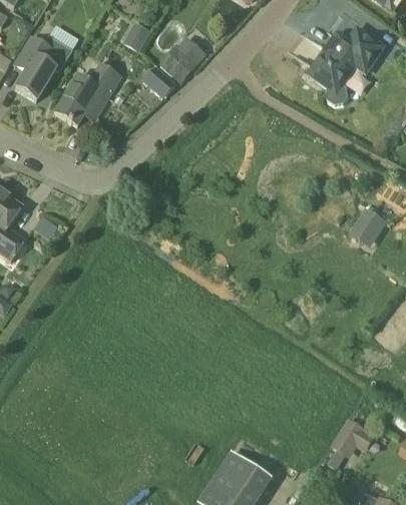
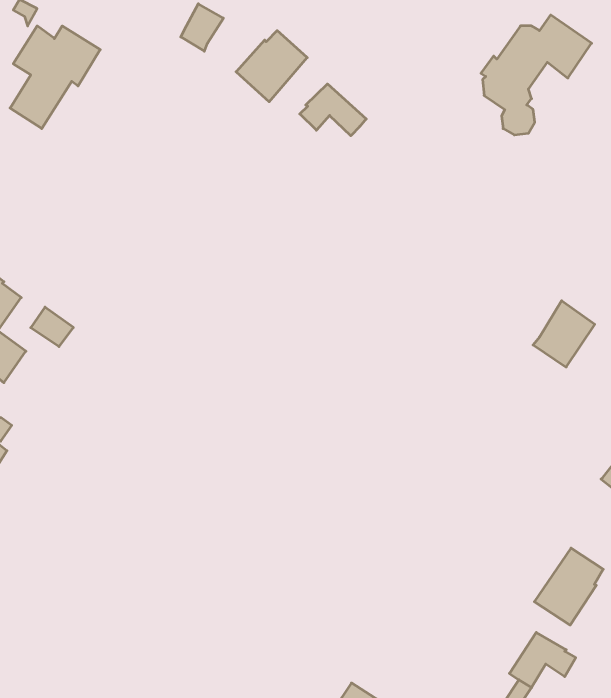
building: [55,63,120,124] -> none
building: [141,67,174,99] -> none
building: none -> [300,84,366,136]
building: none -> [534,548,603,625]

